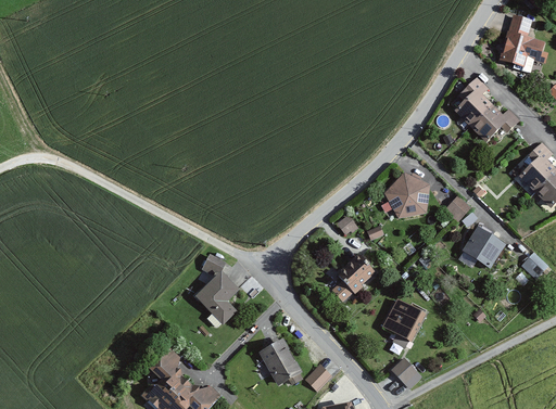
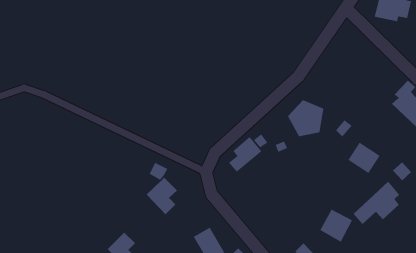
building: [455,78,519,142] -> none
building: [331,254,376,302] -> [228,136,262,173]
building: none -> [353,181,400,225]
building: [381,297,425,342] -> [320,209,353,243]

